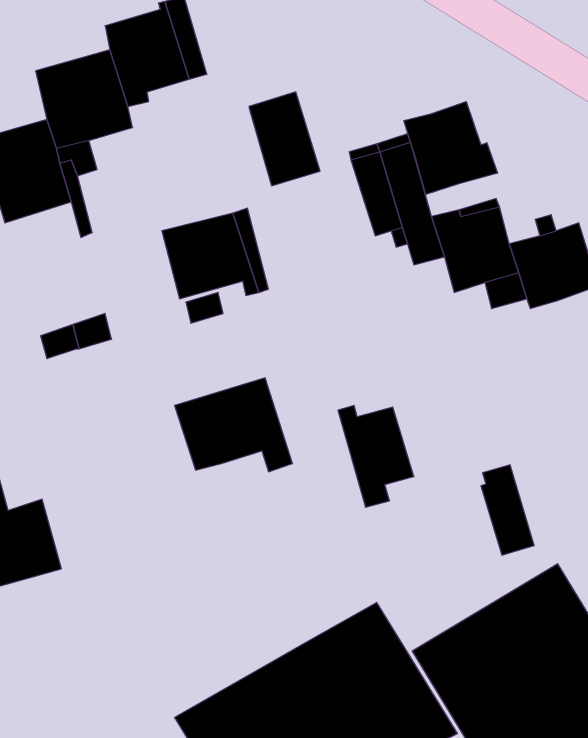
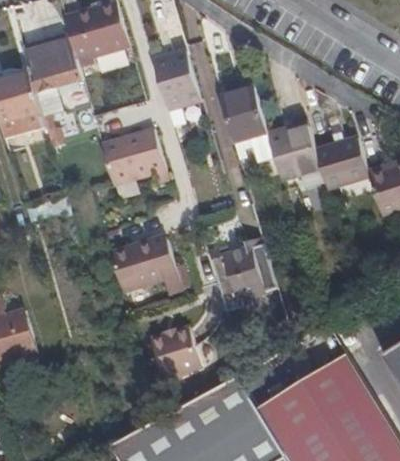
building: [404,102,497,195] -> none
building: [481,465,534,555] -> [244,240,277,296]
building: none -> [151,327,203,381]

